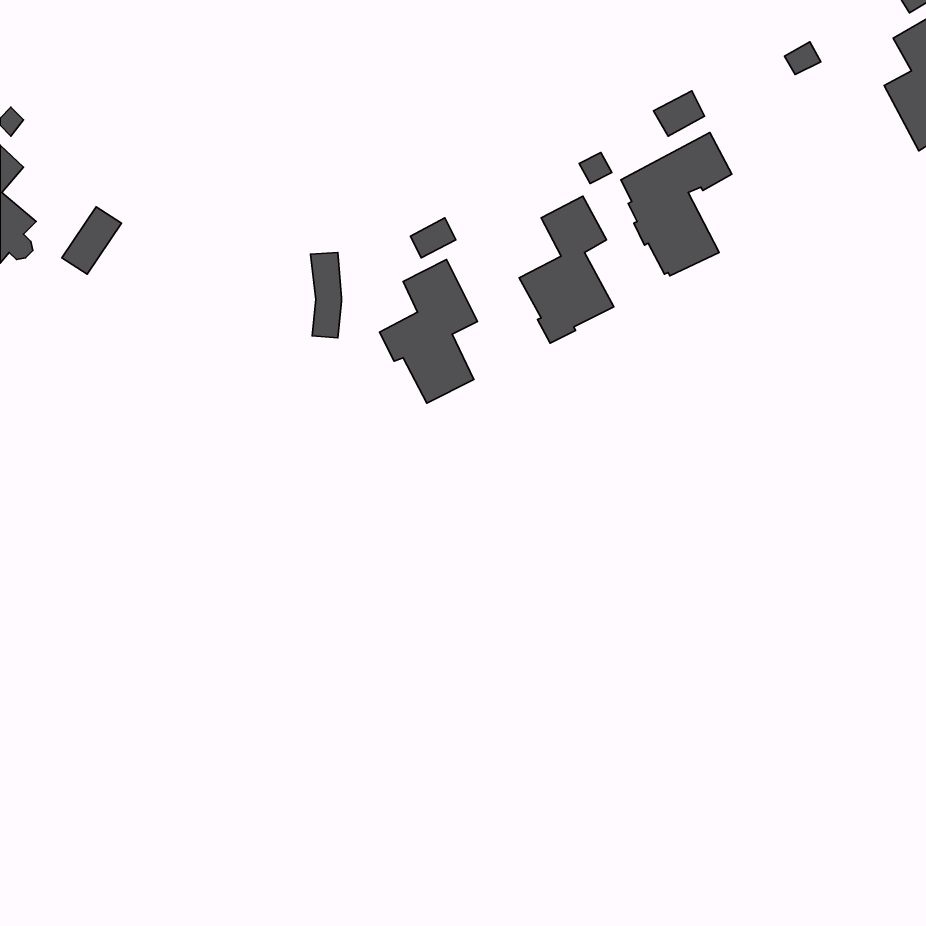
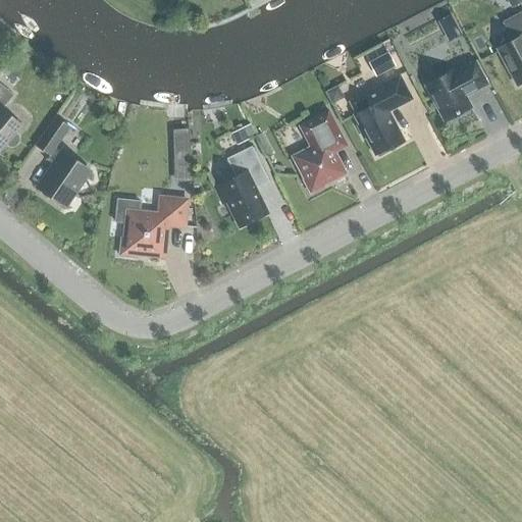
building: none -> [423,59,490,122]
building: none -> [38,151,90,206]
building: none -> [115,197,188,256]

